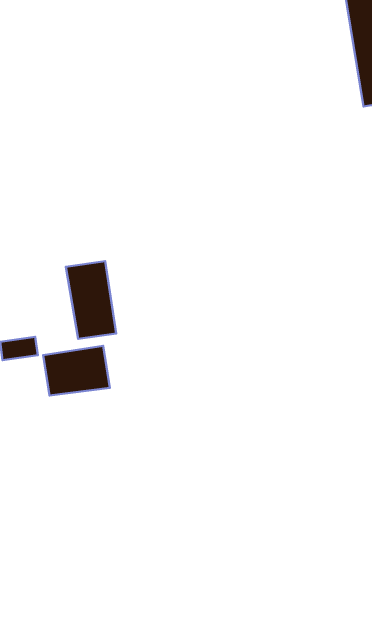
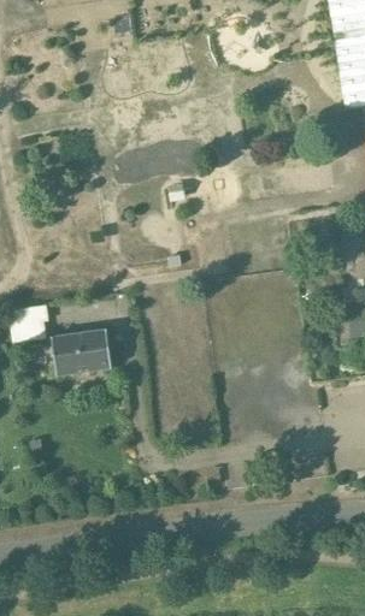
building: [66,261,116,339] -> none

